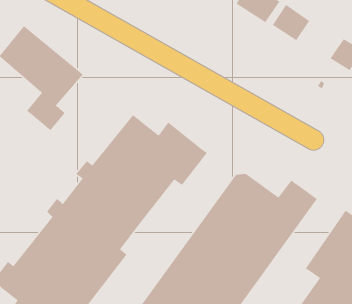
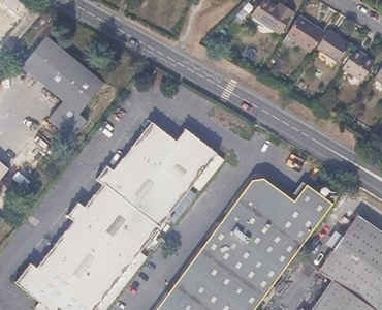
building: none -> [317,31,350,62]

